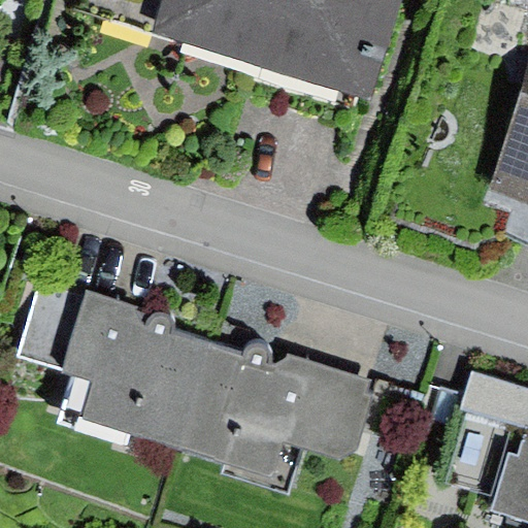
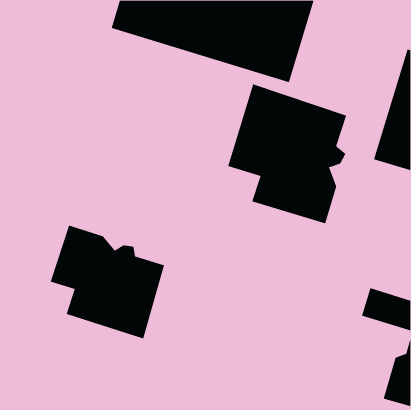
building: none -> [227,83,347,224]
building: [185,341,376,469] -> none

